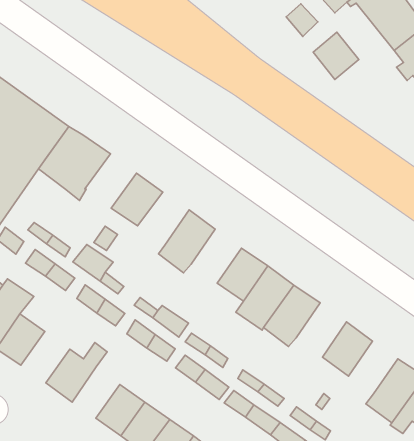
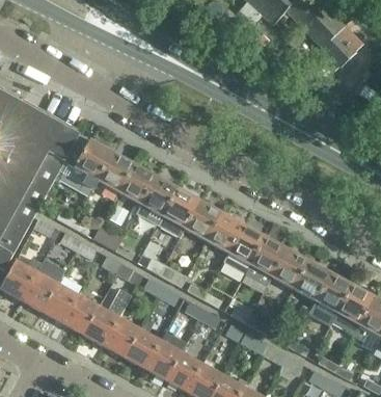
building: [313,32,359,80] -> none
building: none -> [97,152,135,193]
building: none -> [137,177,179,224]
building: none -> [185,201,222,242]
building: none -> [272,248,309,290]
building: none -> [62,294,99,334]
building: none -> [311,273,352,316]
building: none -> [105,317,140,356]

